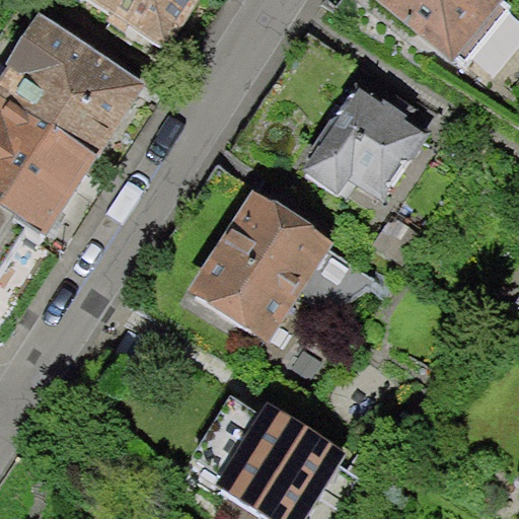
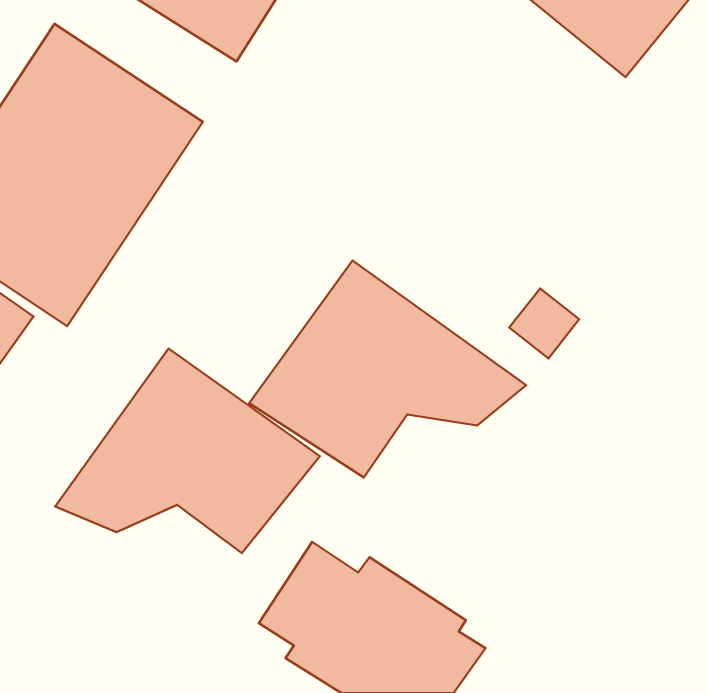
building: [300,82,424,193] -> none
building: none -> [55,349,320,553]

